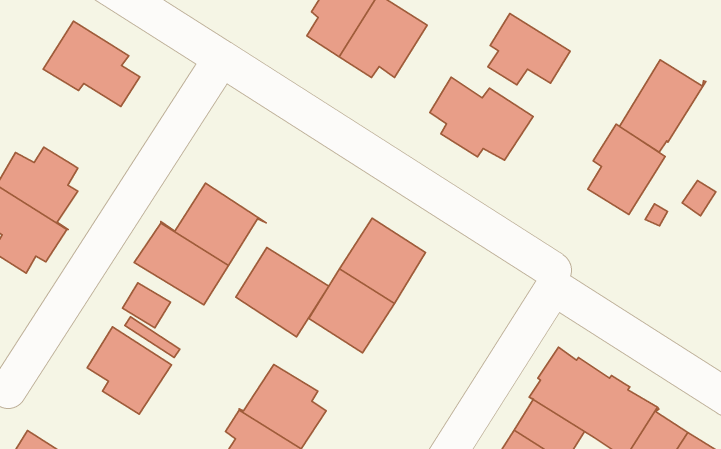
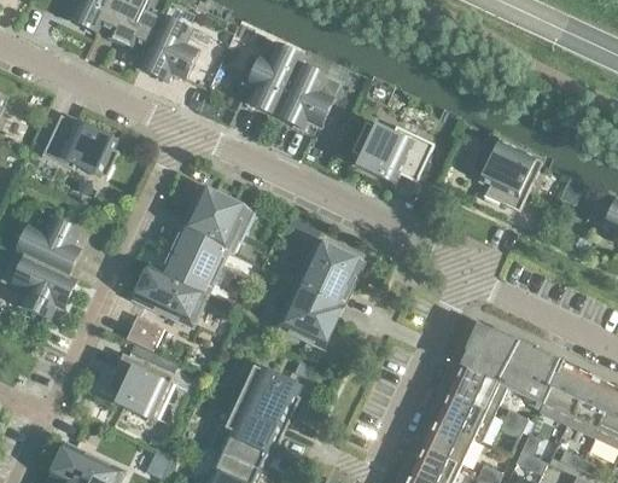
building: [488,13,570,85] -> none
building: [619,60,706,152] -> none
building: [236,248,329,337] -> [181,187,253,255]

